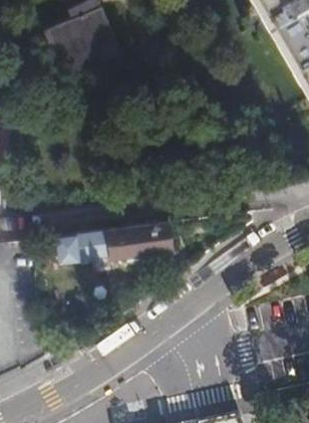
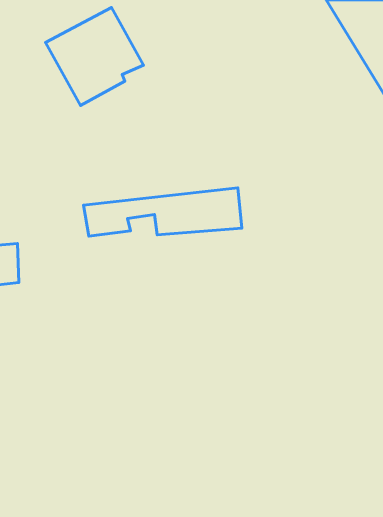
building: [57,224,176,260] -> [83,188,242,236]

